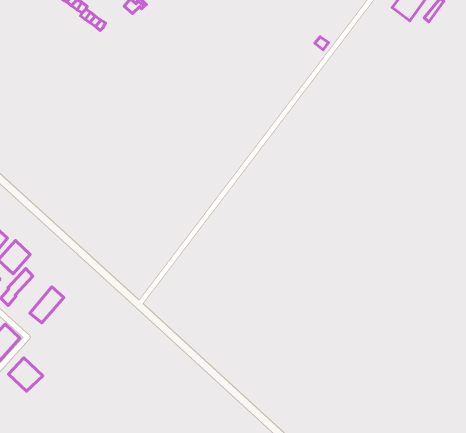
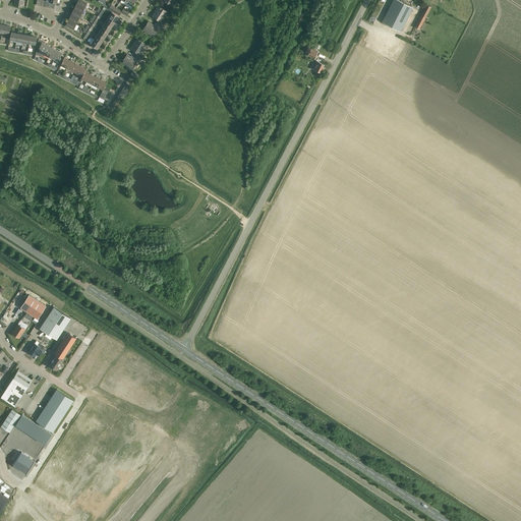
building: [30,287,64,323] -> none
building: [8,358,43,391] -> none

